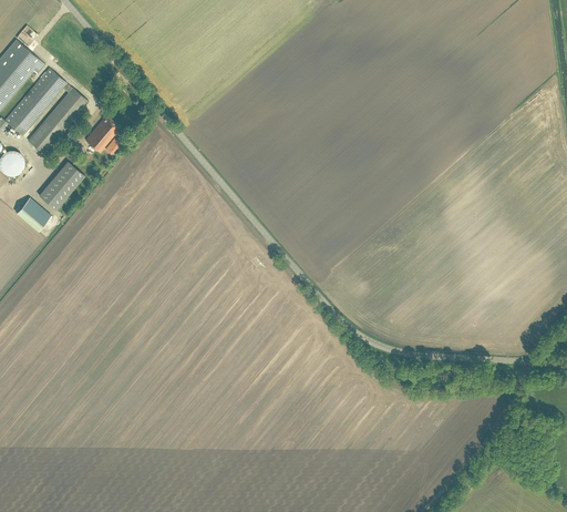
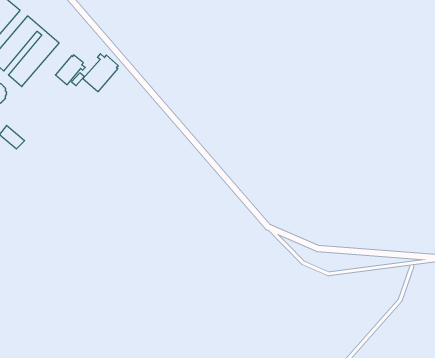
building: none -> [83,54,118,92]
building: [38,161,84,209] -> none

